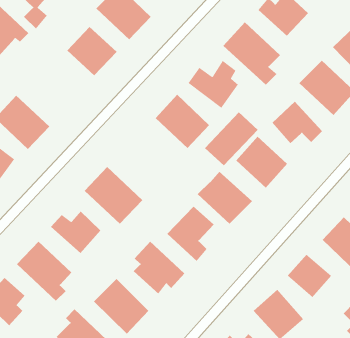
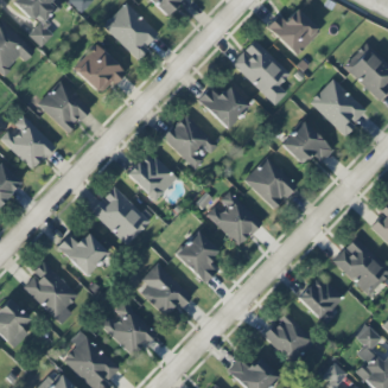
building: none -> [37,79,91,133]
building: [204,112,258,166] -> none
building: none -> [126,151,177,202]

